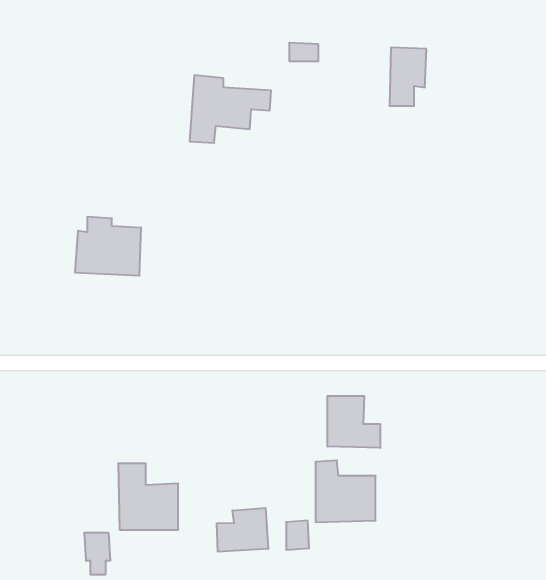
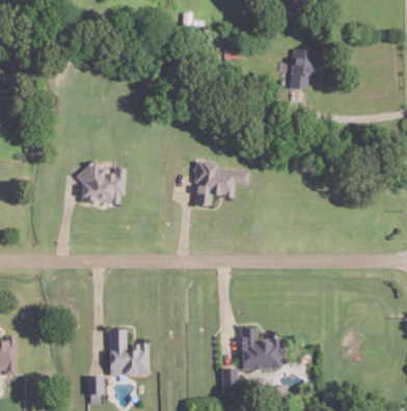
building: [190,75,271,143] -> [193,160,248,206]
building: [327,396,380,448] -> none
building: [217,508,268,552] -> none

